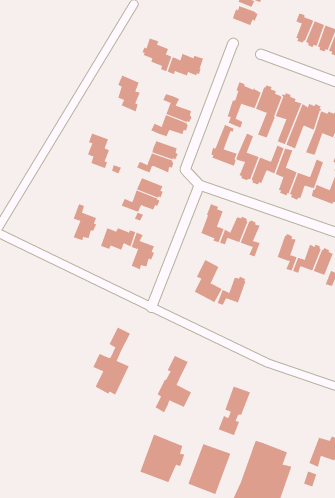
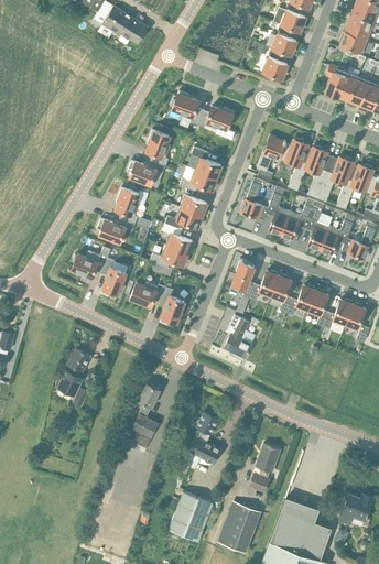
building: none -> [127,161,165,185]
building: none -> [97,218,134,243]
building: none -> [71,248,110,278]
building: [217,276,246,305] -> [285,285,315,315]
building: none -> [57,348,90,405]

